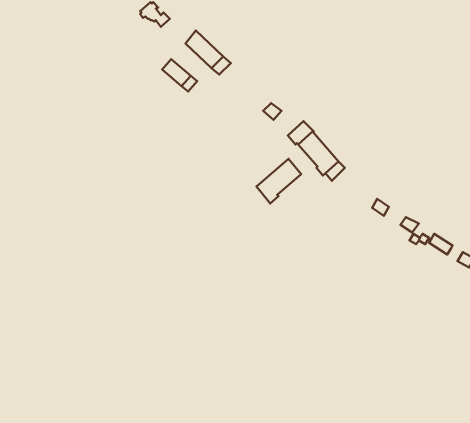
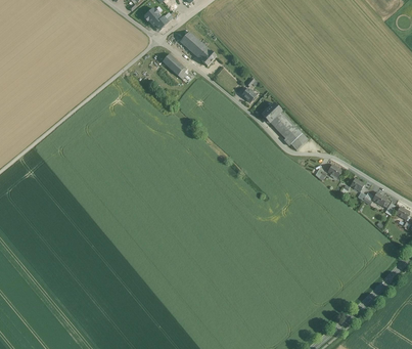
building: [256,159,301,204] -> none

